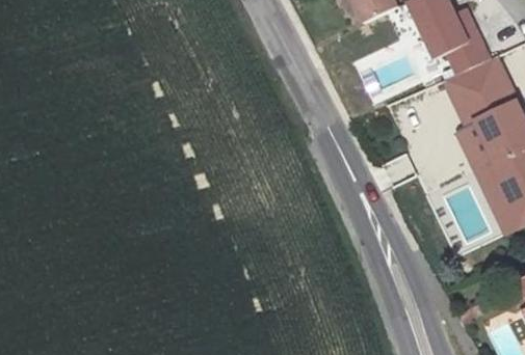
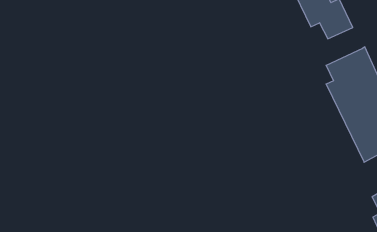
building: [444,59,503,108] -> none

